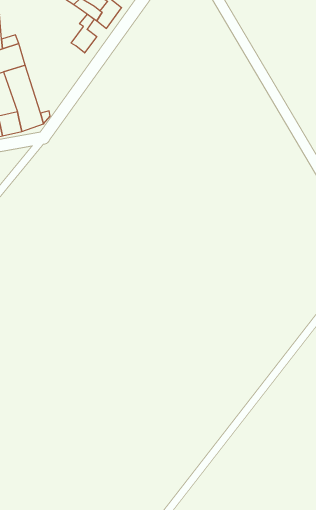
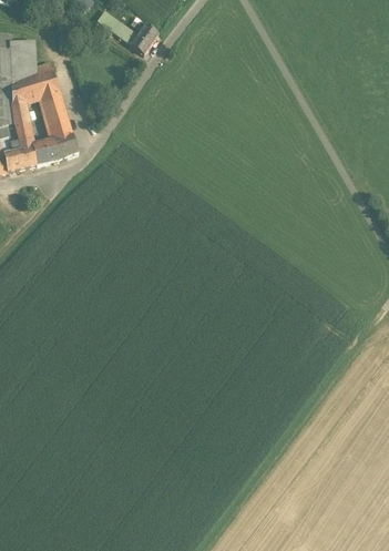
building: [71,14,97,53] -> none

